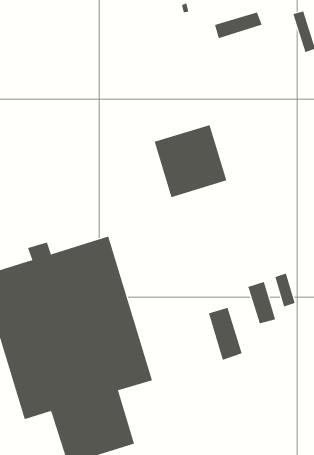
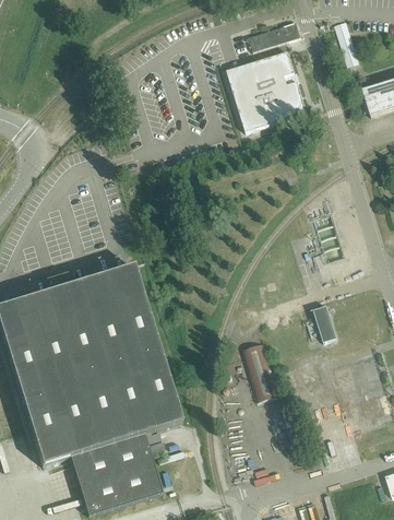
building: [154,124,227,198] -> [227,51,307,131]
building: [248,281,276,324] -> none

